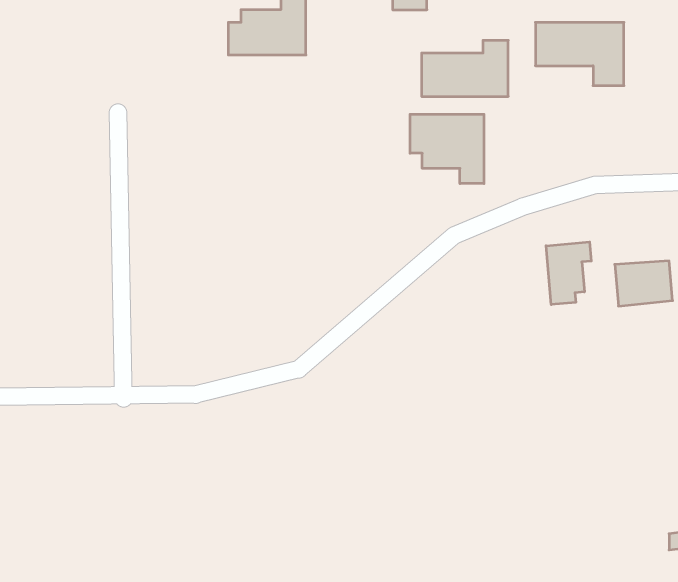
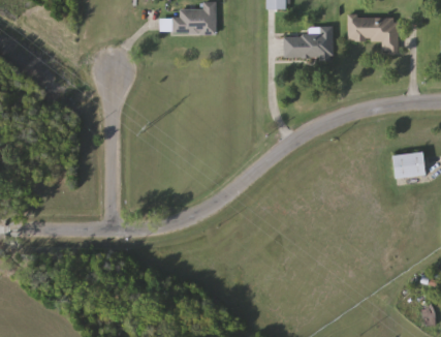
building: [410,114,484,184] -> none
building: [546,242,591,305] -> none

